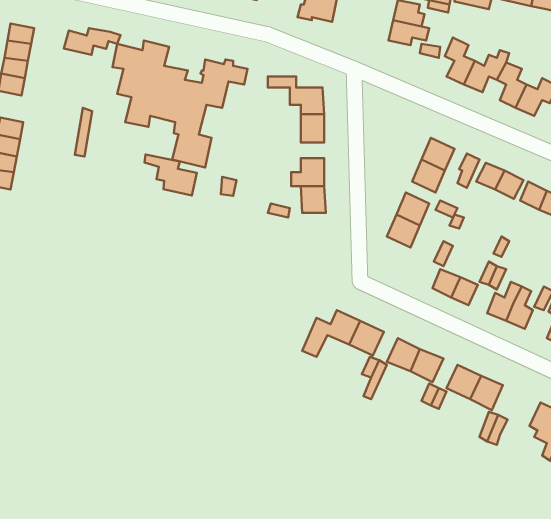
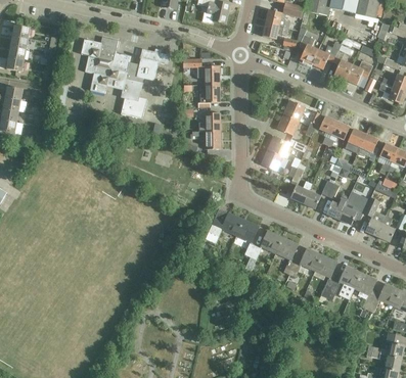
building: [64,28,121,55] -> none
building: [145,154,197,196] -> none
building: none -> [337,266,360,298]

